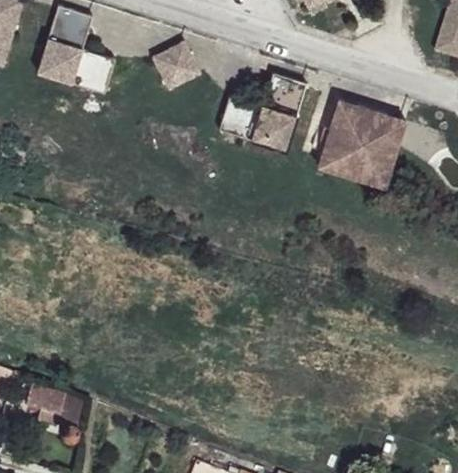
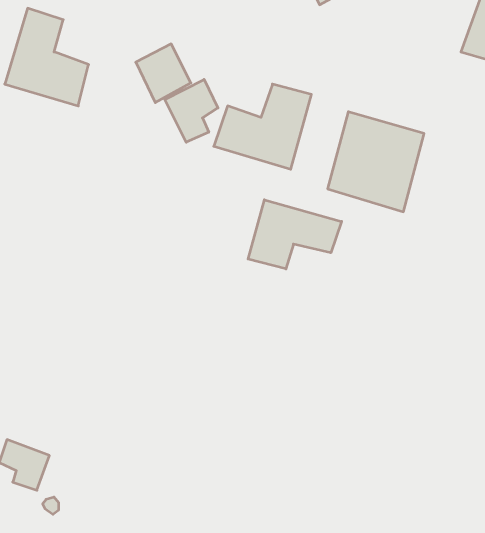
building: none -> [165,79,218,142]
building: none -> [248,200,342,269]

